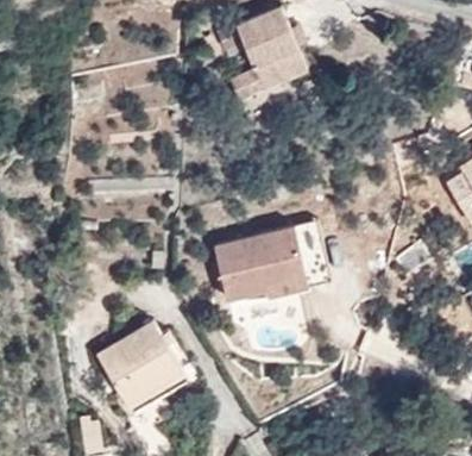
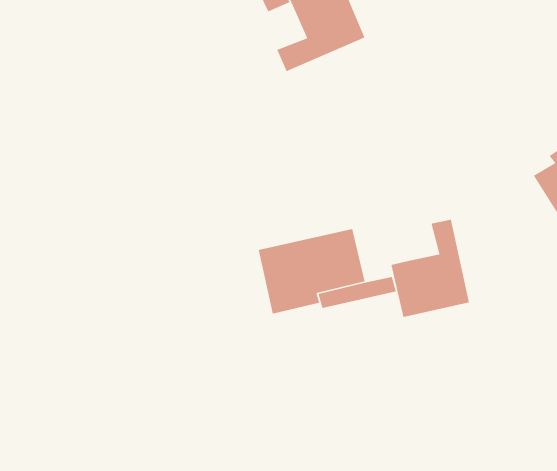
building: none -> [390,219,470,318]
building: [89,317,175,402] -> none

